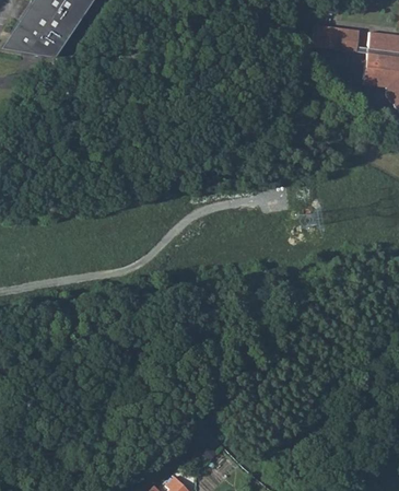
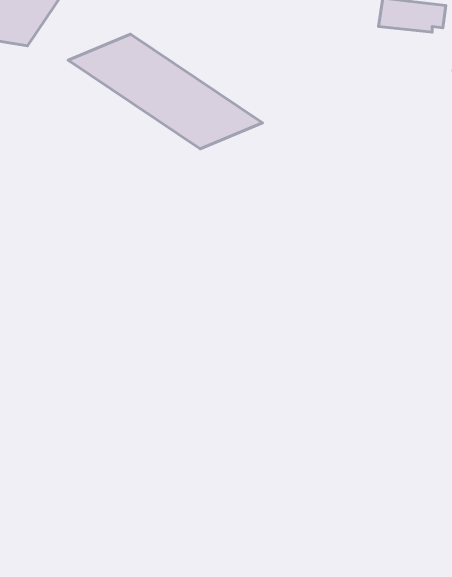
building: none -> [68,34,263,149]

